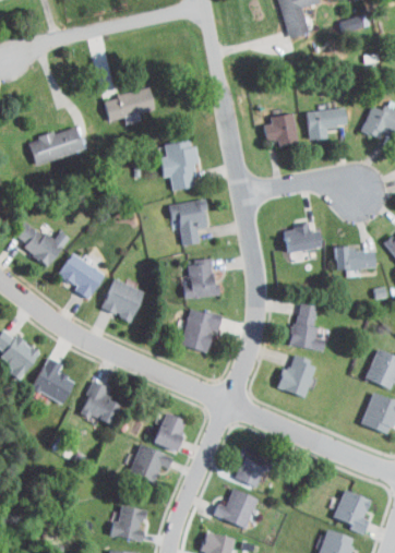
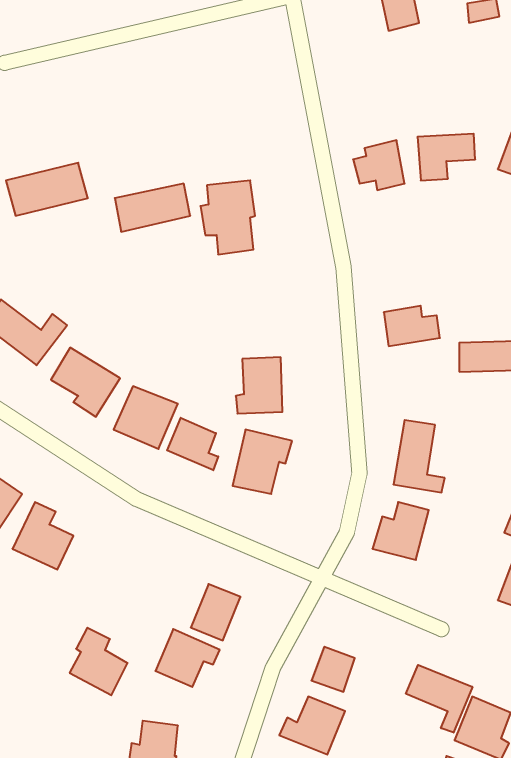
building: [104,88,155,121] -> [115,184,190,232]
building: [168,200,208,245] -> none
building: none -> [167,418,218,470]
building: [81,381,120,426] -> [70,628,128,695]
building: none -> [406,665,472,733]

